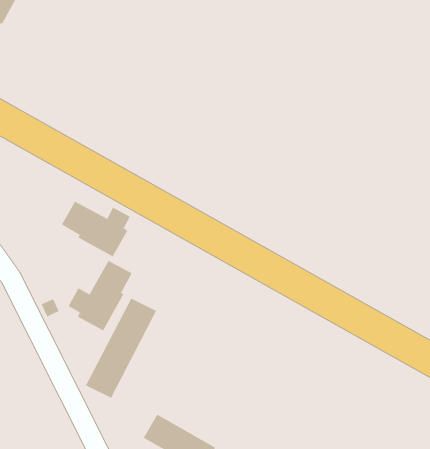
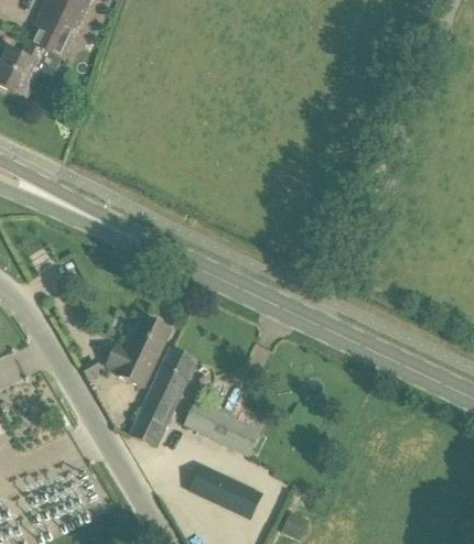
building: [61,201,130,257] -> none
building: none -> [184,400,259,455]

